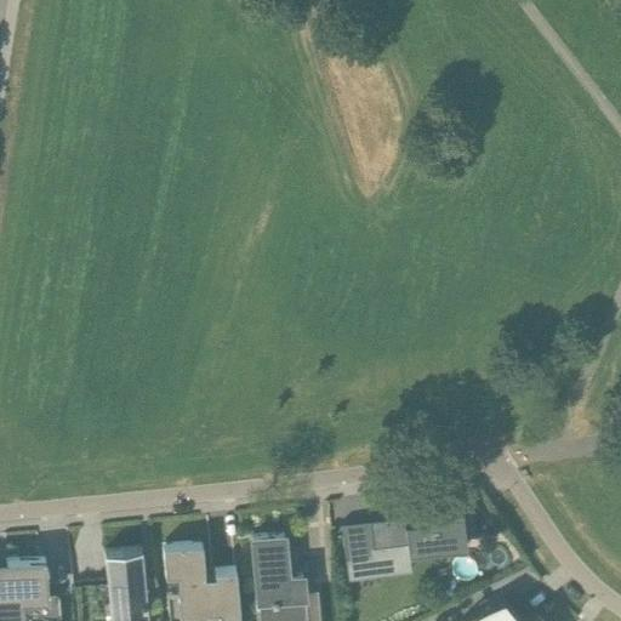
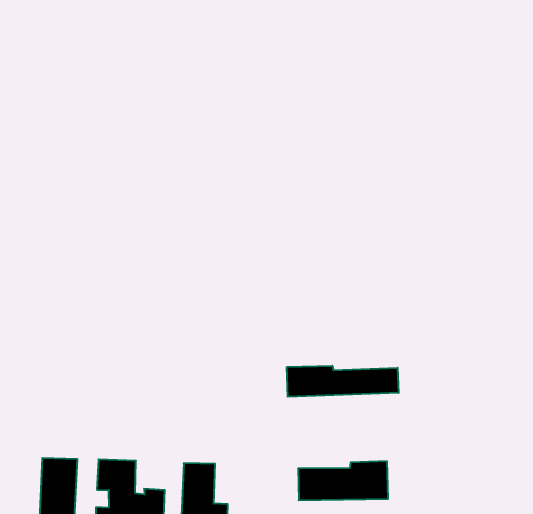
building: none -> [287,366,399,397]
building: [342,529,376,568] -> none

